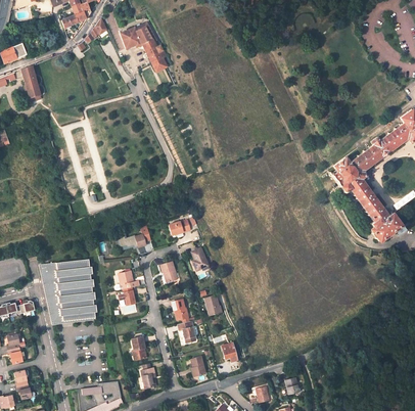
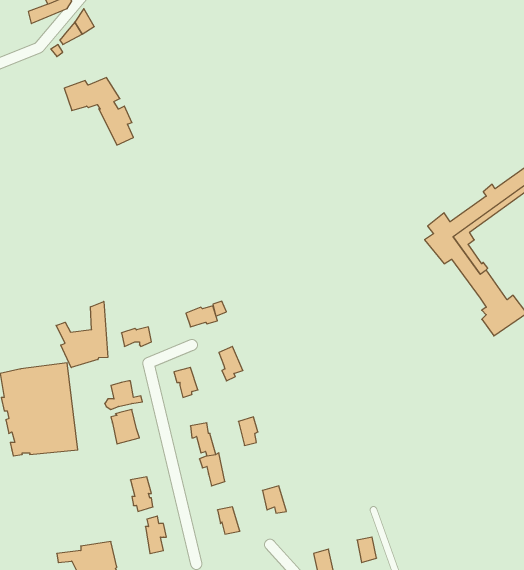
building: [120,26,167,72] -> [64,78,133,145]
building: none -> [56,301,108,368]

